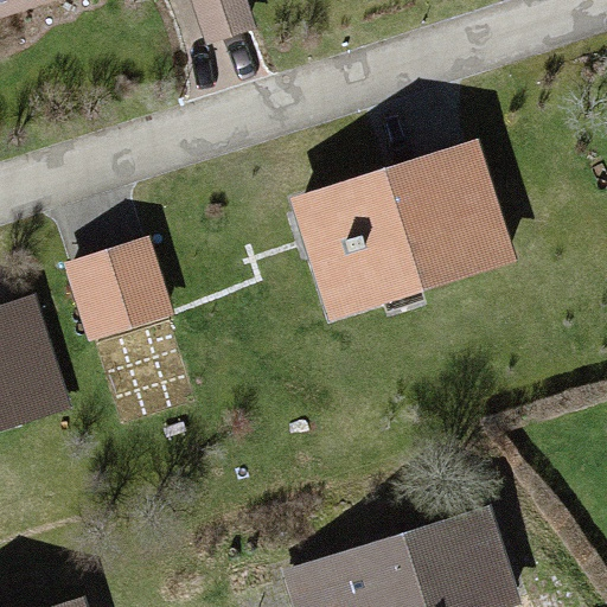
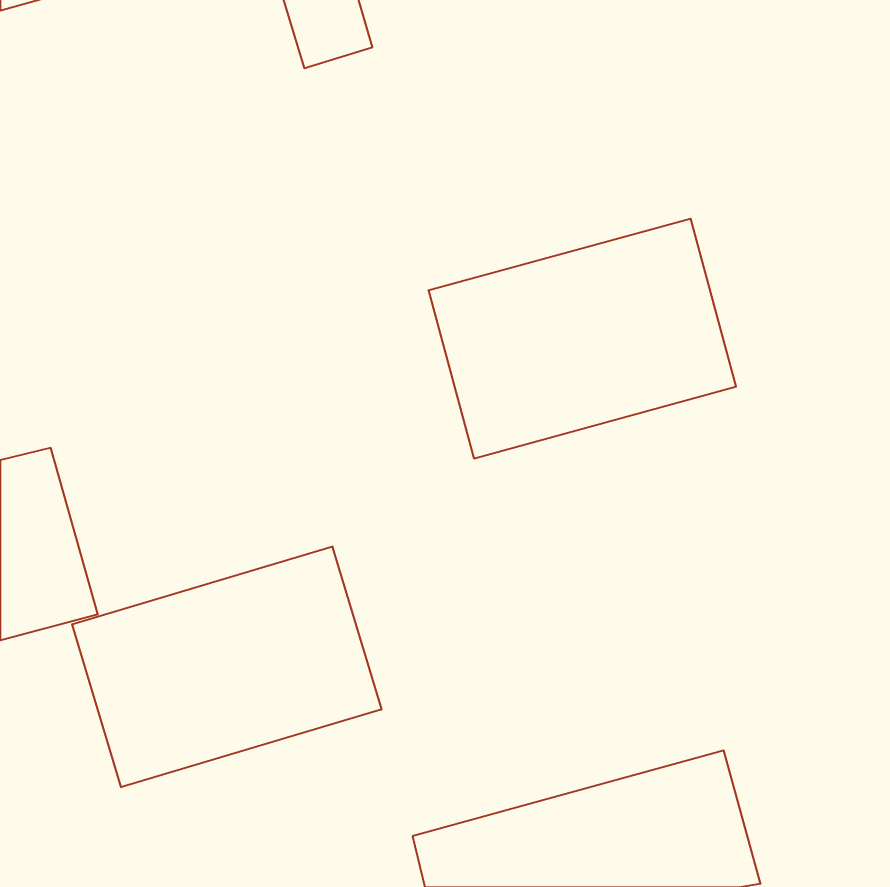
building: [64,241,167,343] -> none
building: none -> [72,546,381,787]

